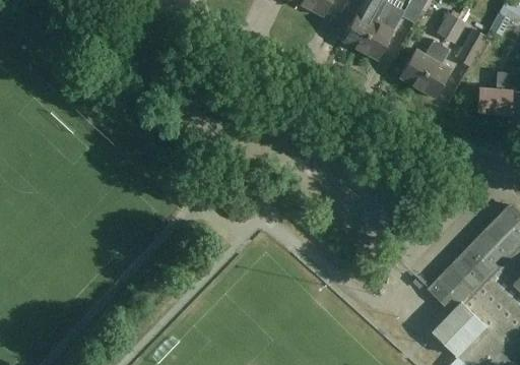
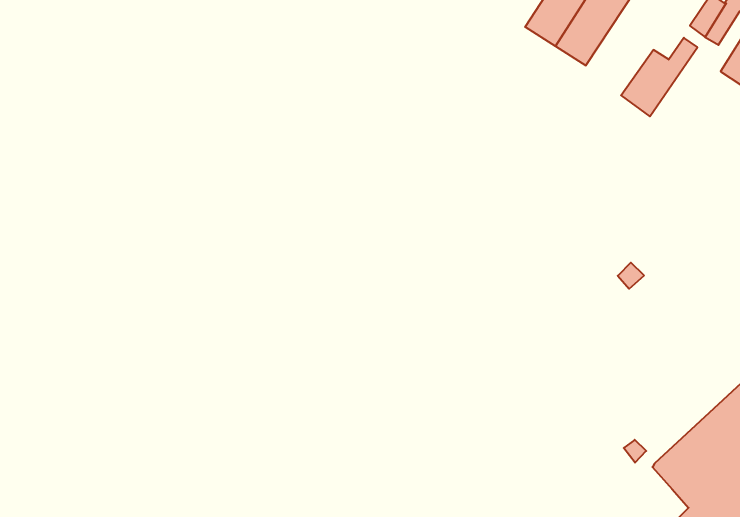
building: [416,45,451,97] -> none

